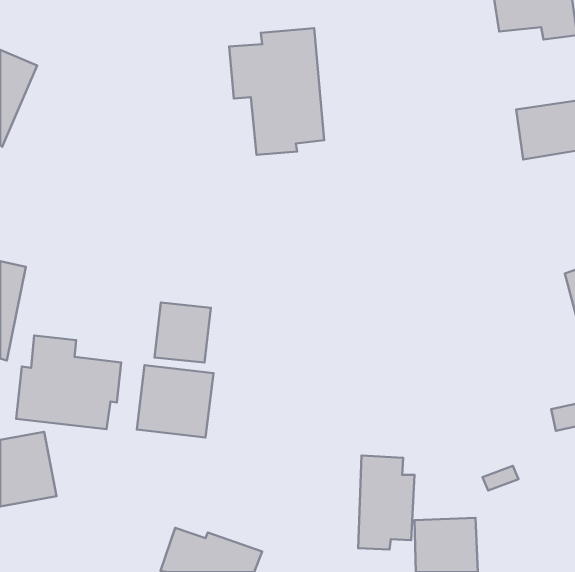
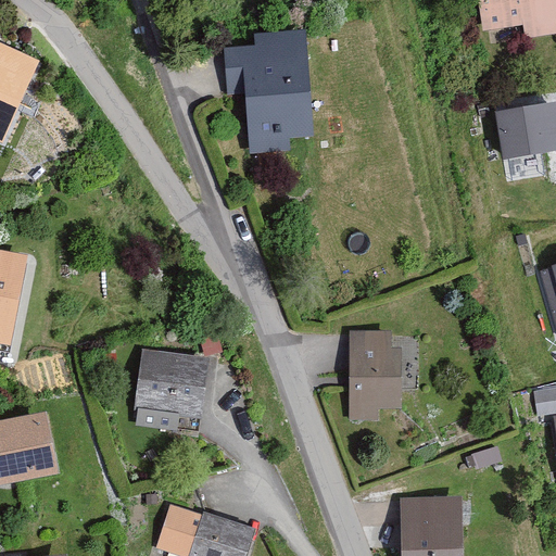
building: [155,303,211,363] -> none
building: [16,336,121,429] -> none
building: [358,456,415,549] -> [348,330,402,420]

